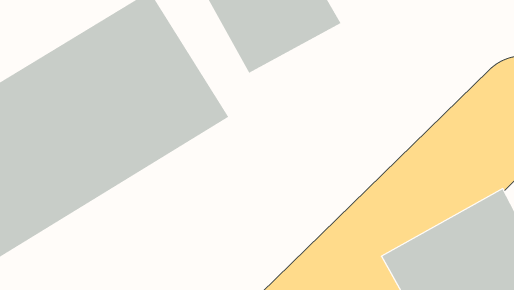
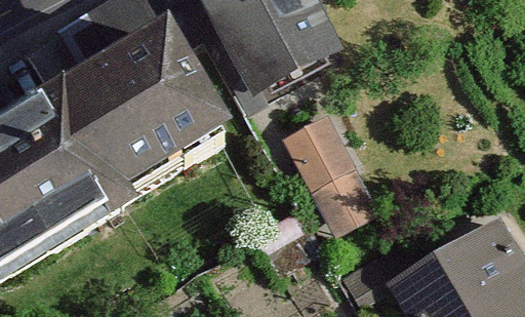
building: none -> [271,113,385,244]

